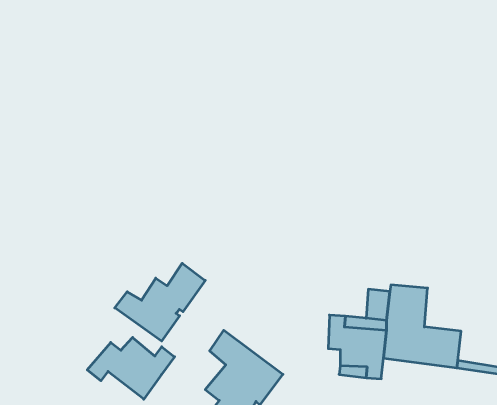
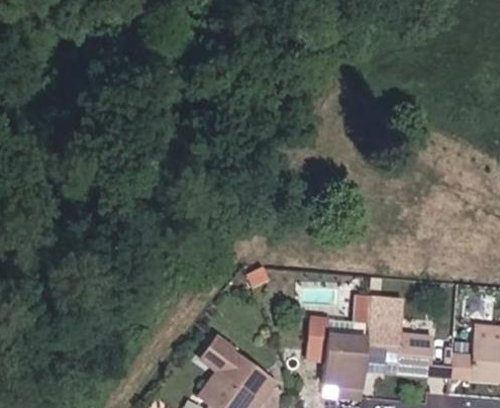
building: [115,263,205,341] -> none
building: [87,337,175,399] -> none

